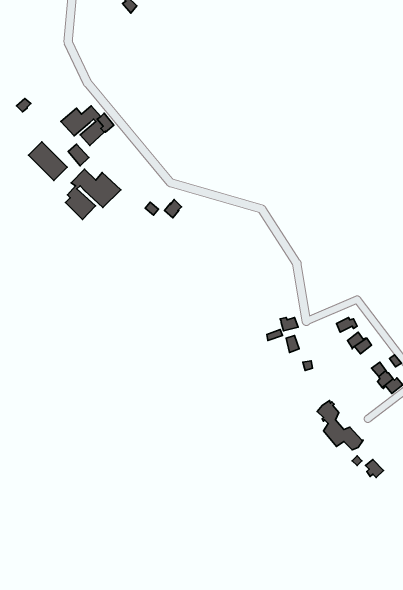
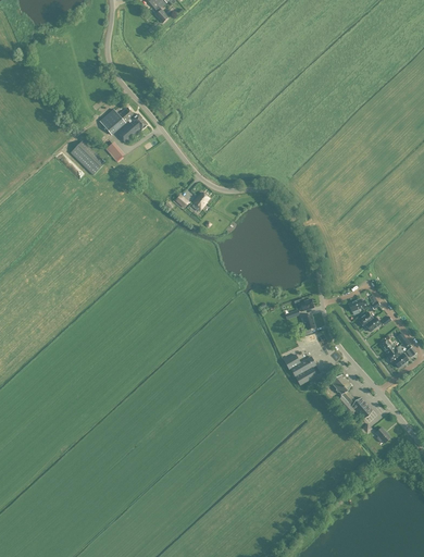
building: [65,169,121,219] -> none
building: none -> [282,354,316,384]

